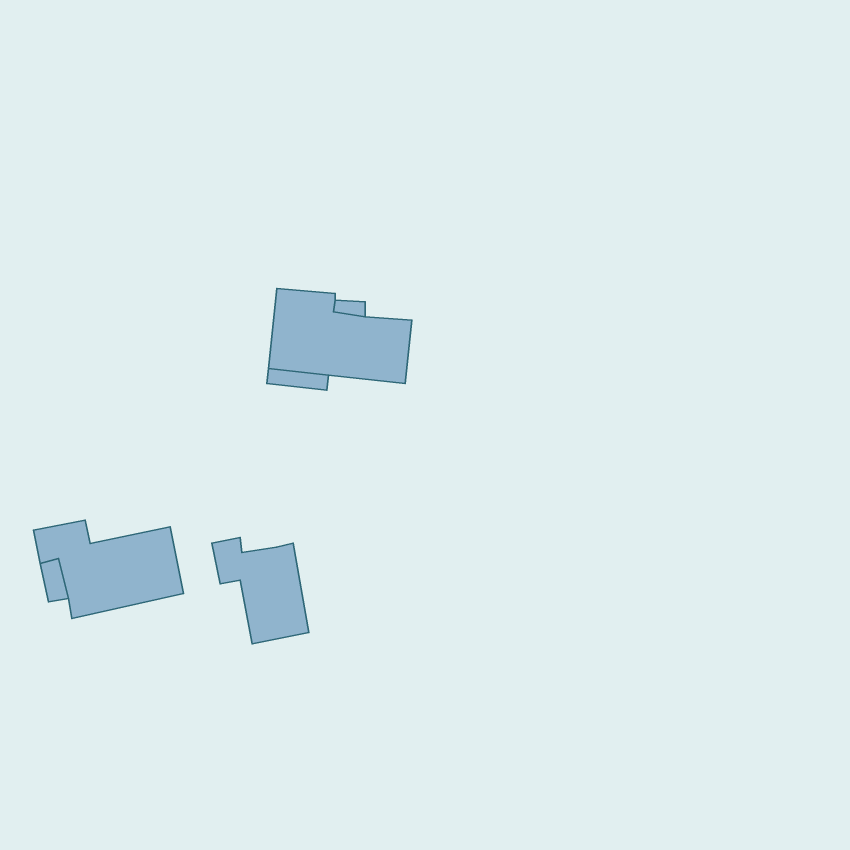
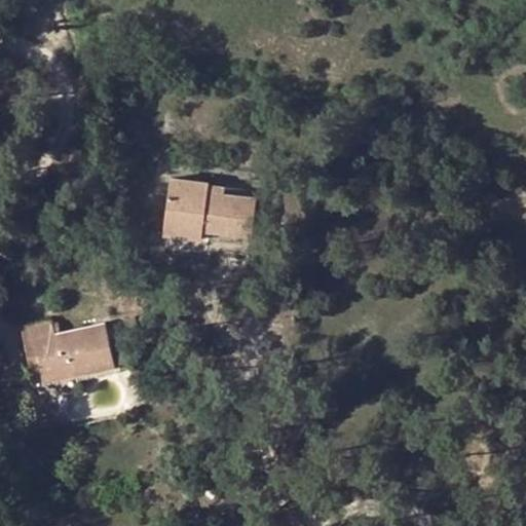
building: [212,537,309,644] -> none

